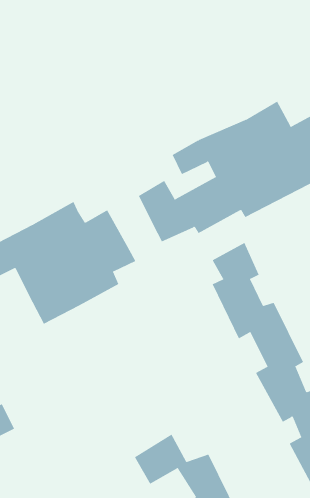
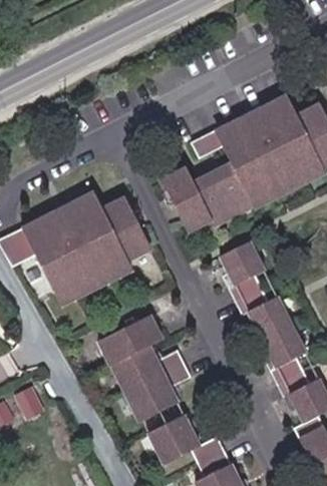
building: none -> [96,312,192,425]

